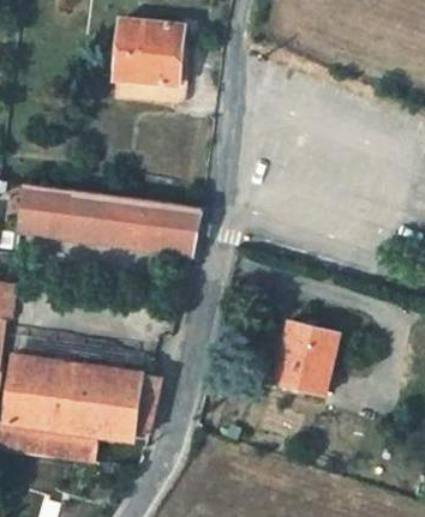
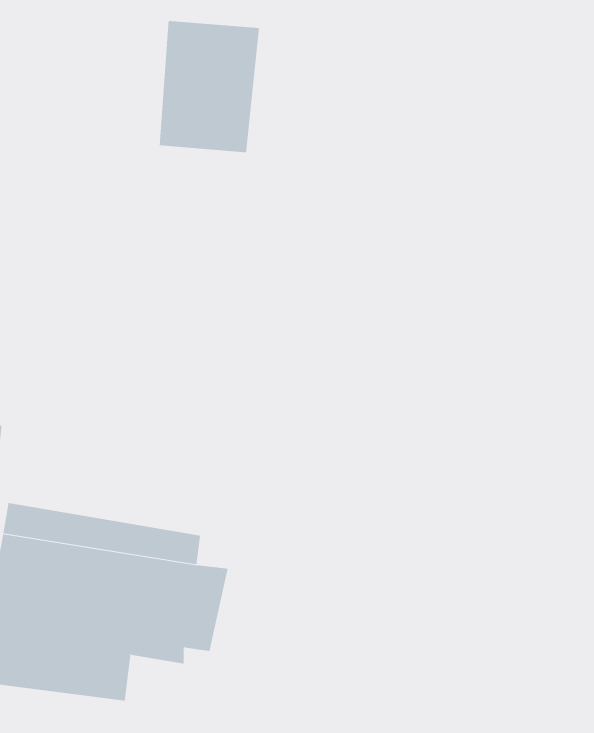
building: [17,184,199,256] -> none
building: [275,320,337,395] -> none

